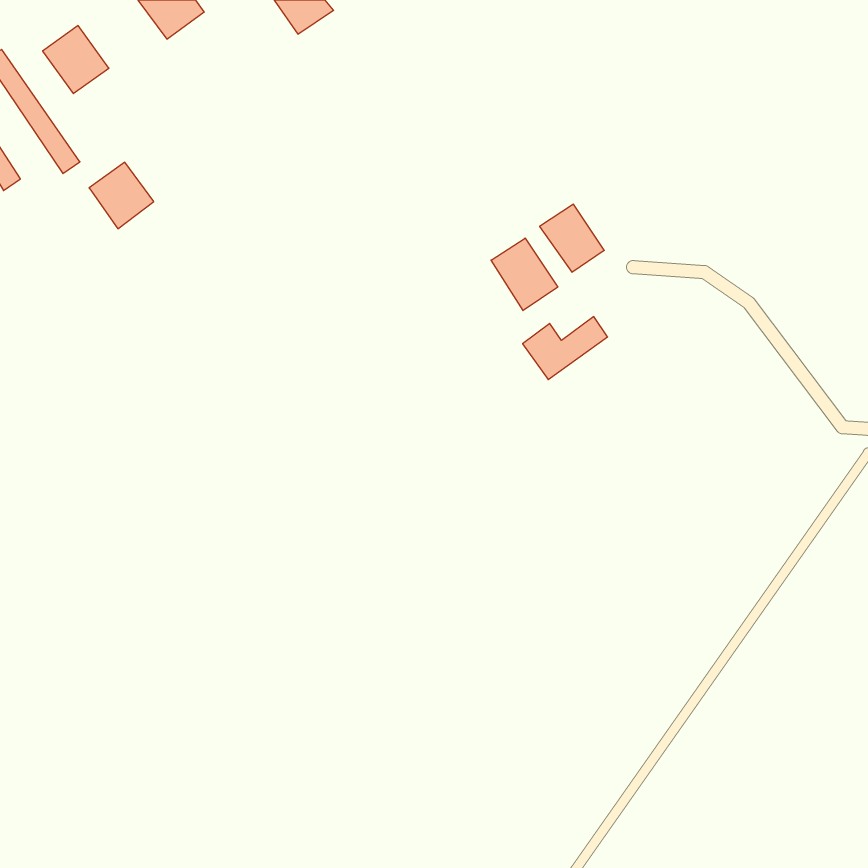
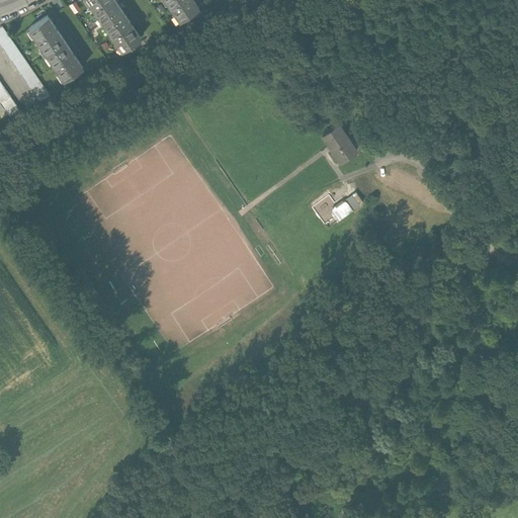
building: none -> [99,8,141,52]
building: [89,162,154,229] -> [44,41,82,81]
building: [491,238,558,311] -> none

